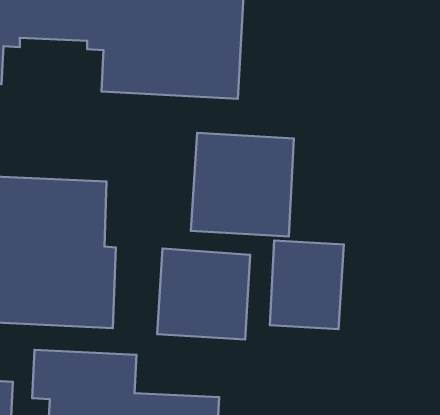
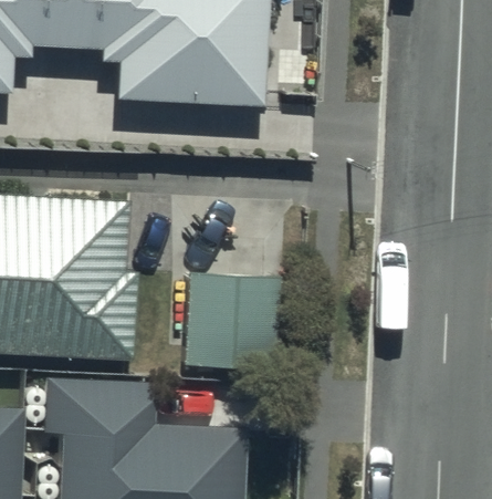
building: [191,133,294,237] -> none
building: [270,240,344,329] -> none

